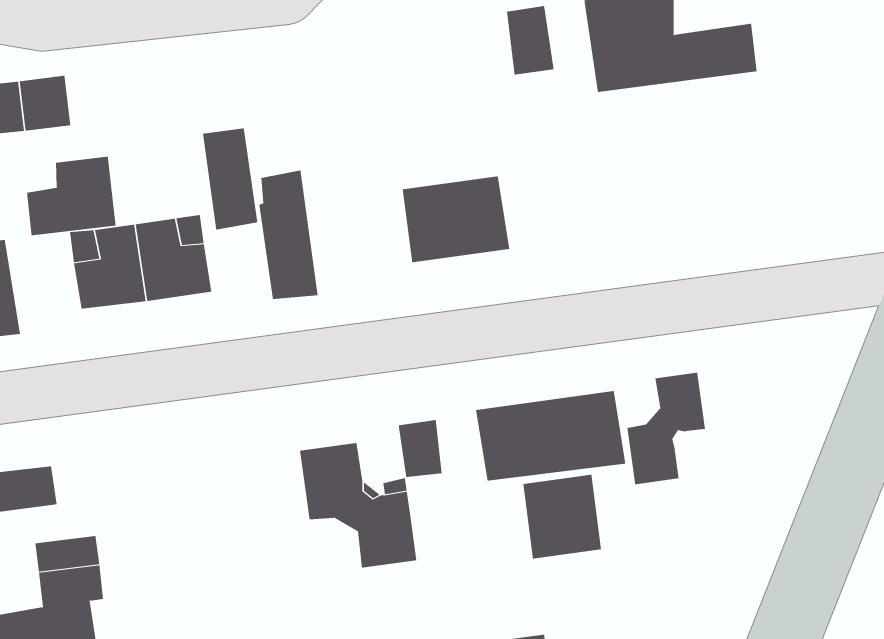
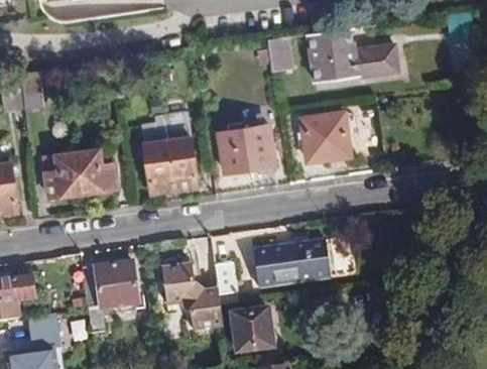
building: [202,128,258,230] -> [164,134,194,188]
building: none -> [300,112,349,159]
building: [27,156,116,236] -> none
building: [627,372,705,485] -> none
building: none -> [82,261,137,309]
building: [522,474,602,559] -> [231,306,272,351]

